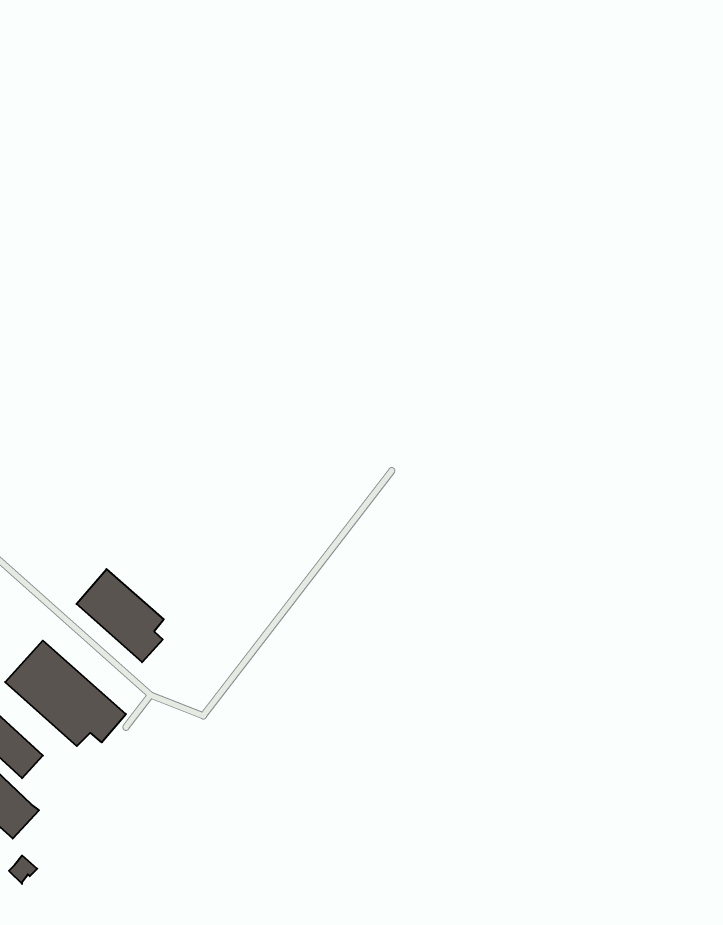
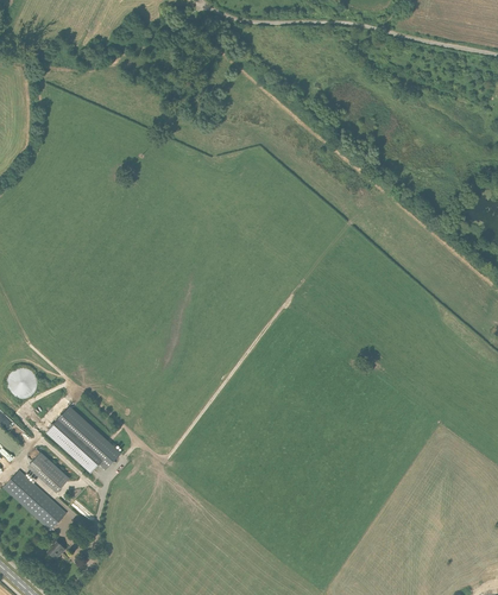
building: [76,569,164,662] -> none

